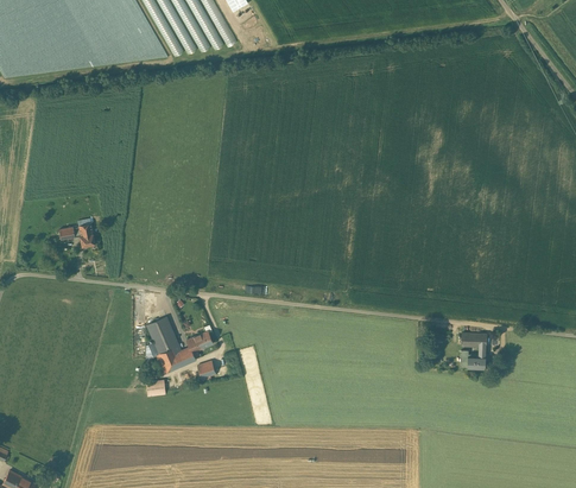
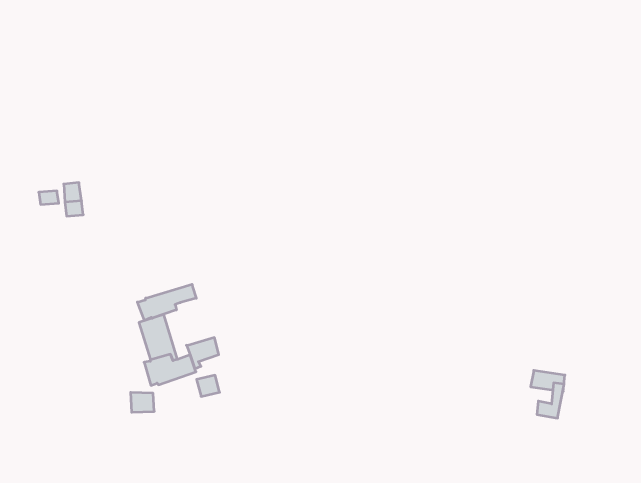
building: none -> [137,284,196,320]

